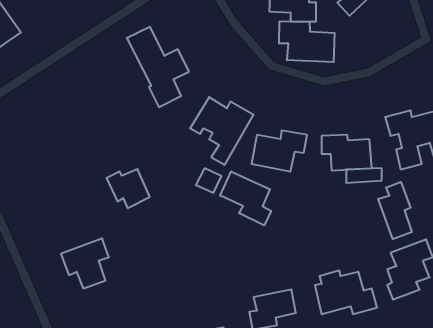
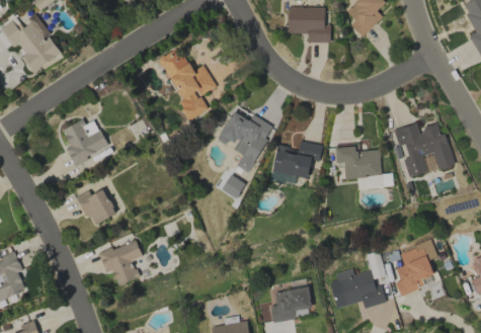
building: [279,21,334,62] -> none
building: none -> [62,118,108,164]
building: [106,169,150,208] -> [76,188,115,224]
building: [220,171,271,225] -> none
building: [378,182,412,239] -> none

